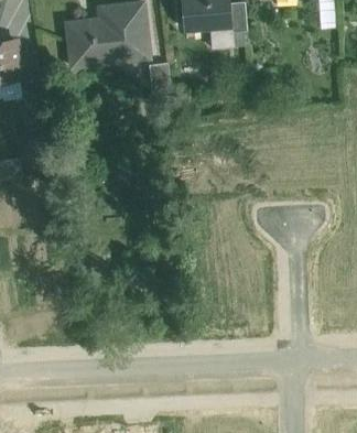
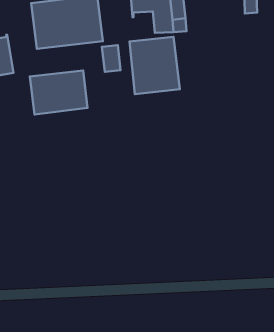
building: none -> [130,37,180,94]
building: none -> [30,70,88,114]

